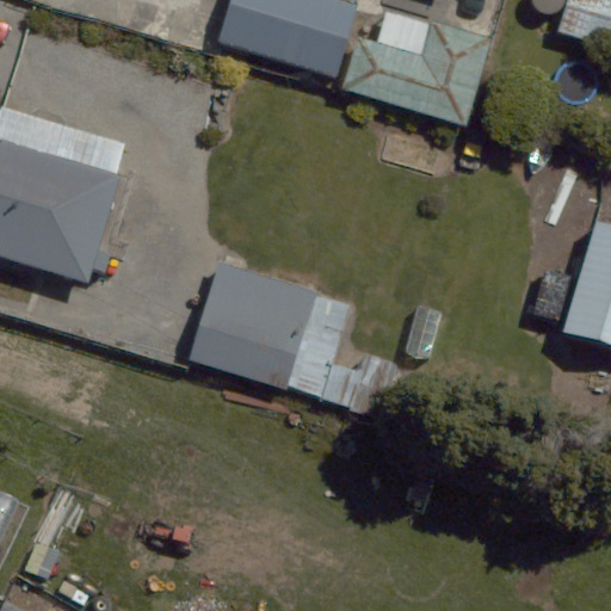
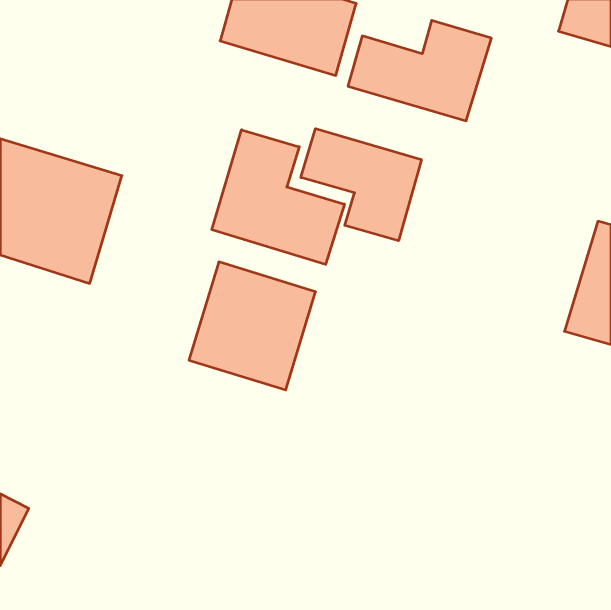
building: none -> [301,129,421,241]
building: none -> [212,130,344,264]

